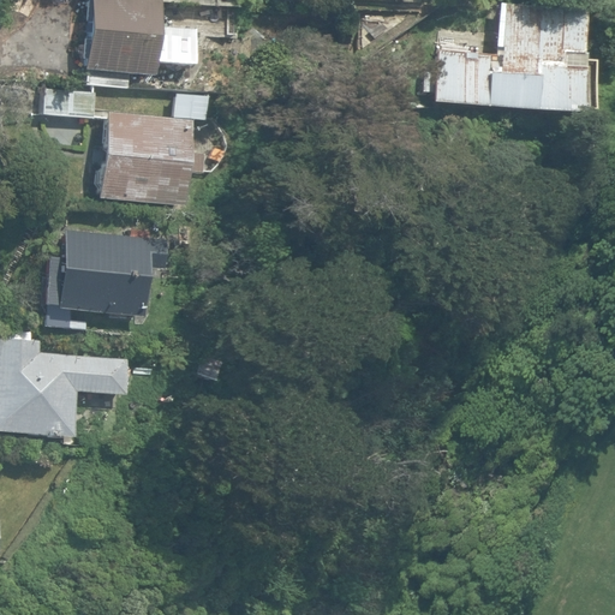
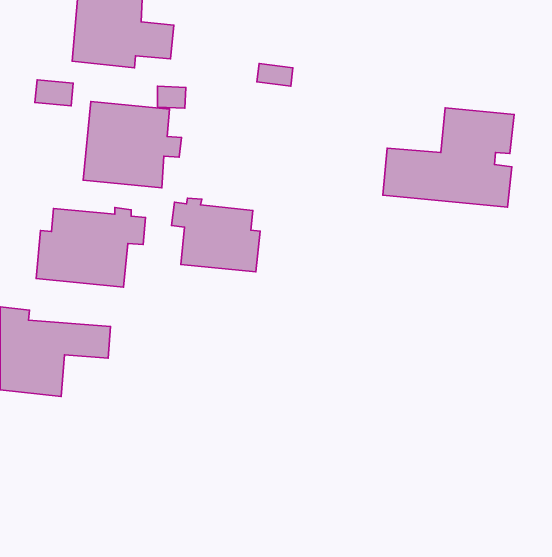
building: [432,5,577,114] -> [383,108,514,207]
building: none -> [172,198,260,272]

